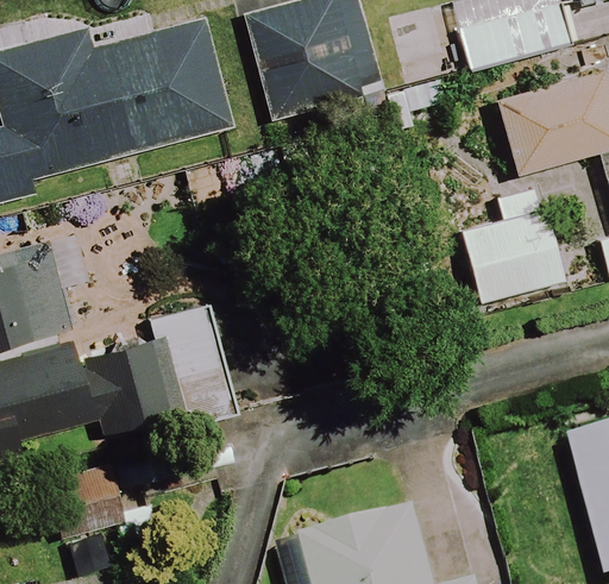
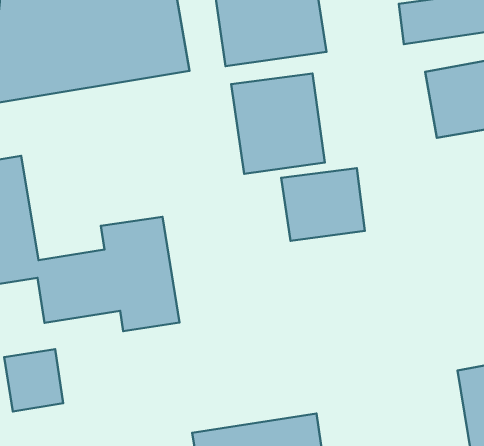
building: none -> [231,73,325,174]
building: [460,209,561,300] -> [281,168,365,241]

